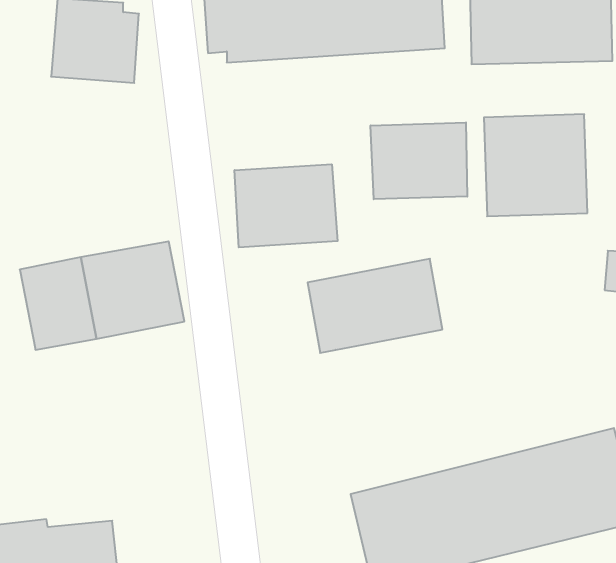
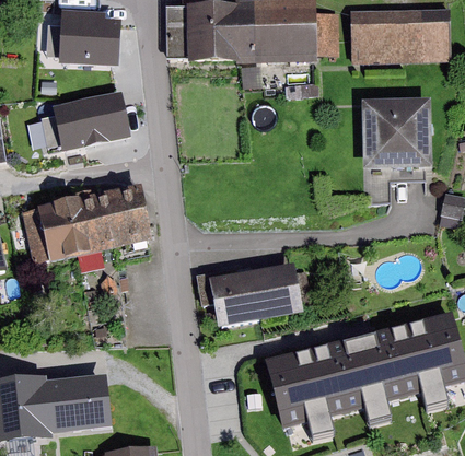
building: [371,122,467,199] -> none
building: none -> [47,109,114,160]
building: [235,164,338,247] -> none
building: [308,259,442,353] -> [208,262,302,328]

